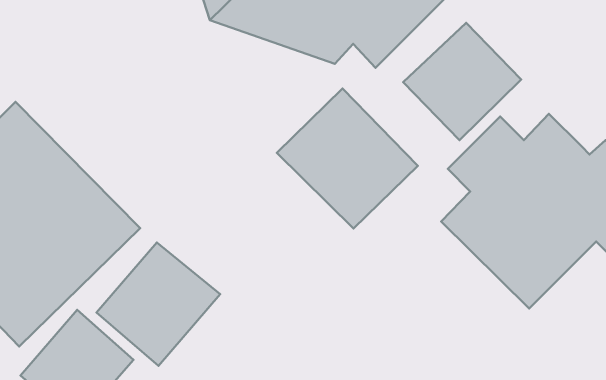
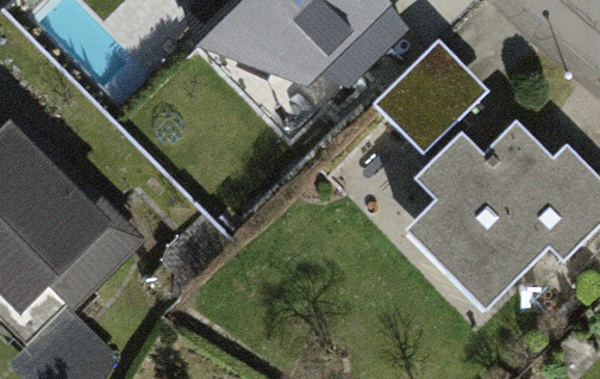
building: [277,88,418,229] -> none
building: [97,242,220,366] -> none

